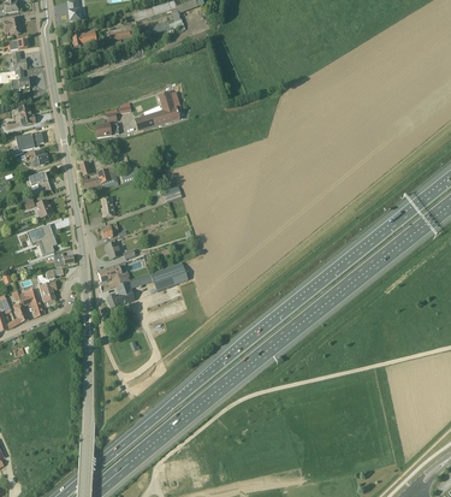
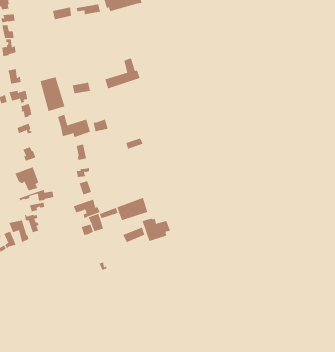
building: none -> [40,76,65,112]
building: none -> [142,218,171,242]

